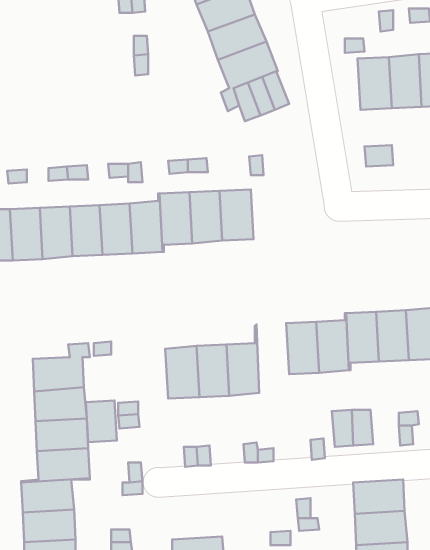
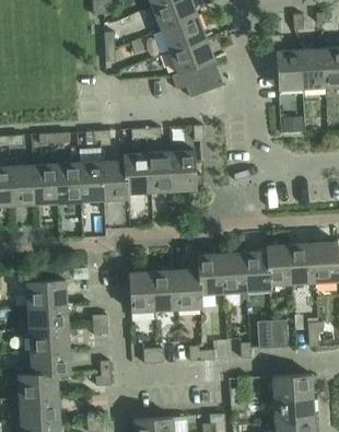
building: none -> [198,254,223,307]
building: [86,400,117,442] -> none

